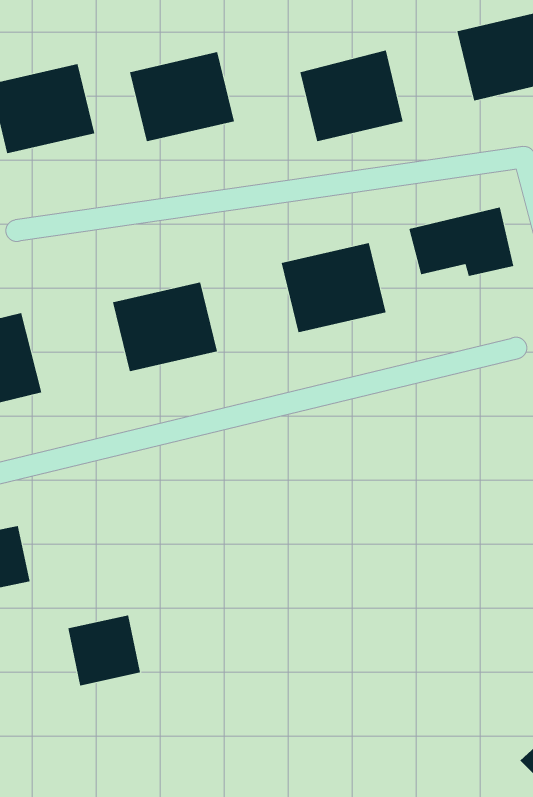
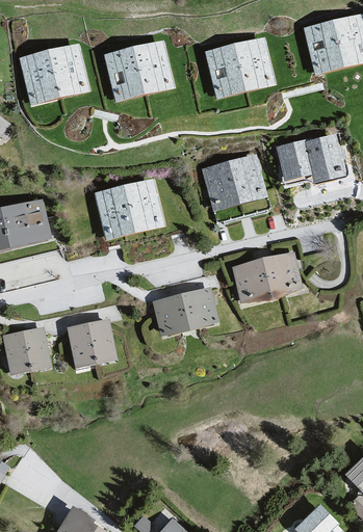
building: none -> [227,255,297,305]
building: none -> [155,288,214,331]
building: [67,615,141,686] -> [69,320,113,364]

